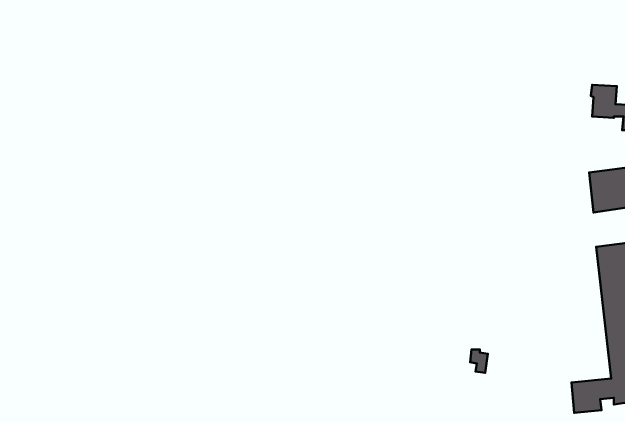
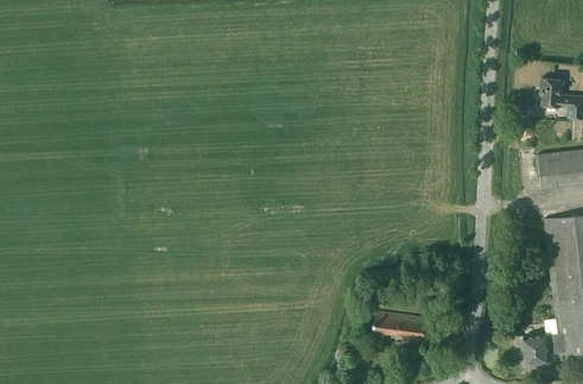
building: none -> [373,313,431,344]

